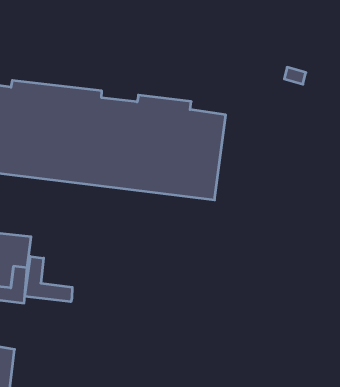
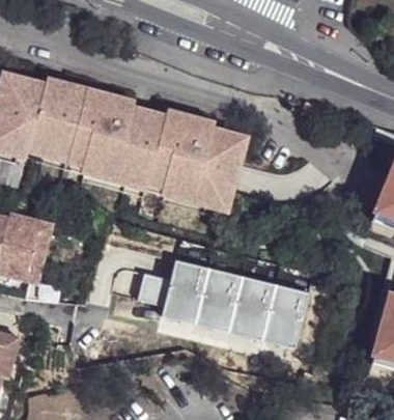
building: [25,256,72,302] -> none
building: none -> [159,259,306,349]

